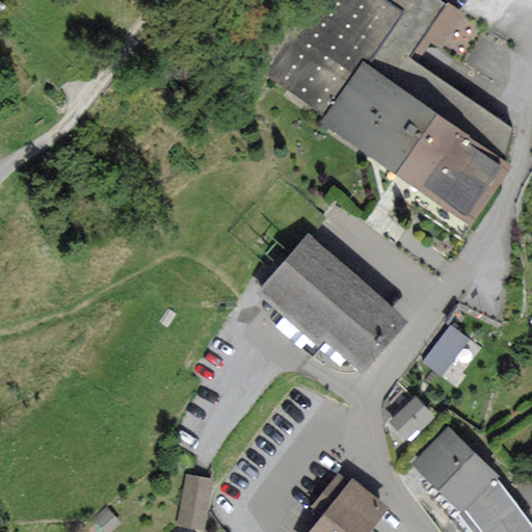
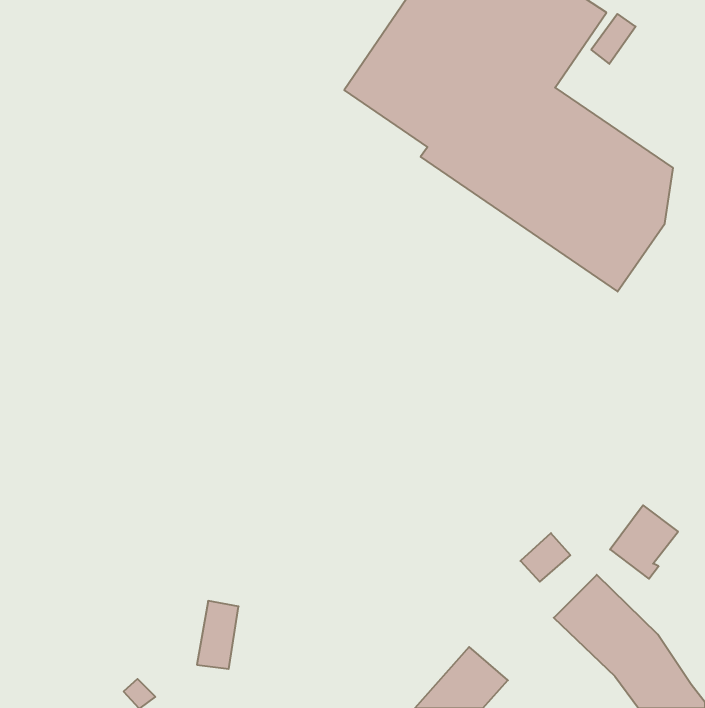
building: [265,240,400,368] -> none
building: [424,327,475,382] -> [610,505,678,579]
building: [178,475,209,526] -> [197,601,239,669]

